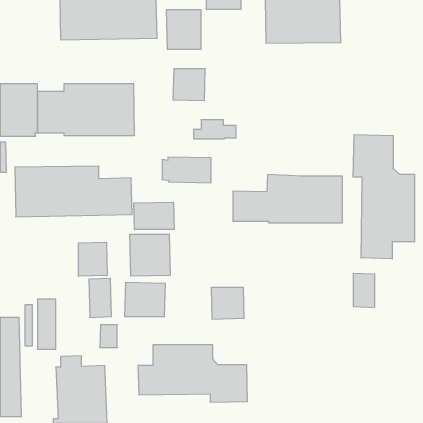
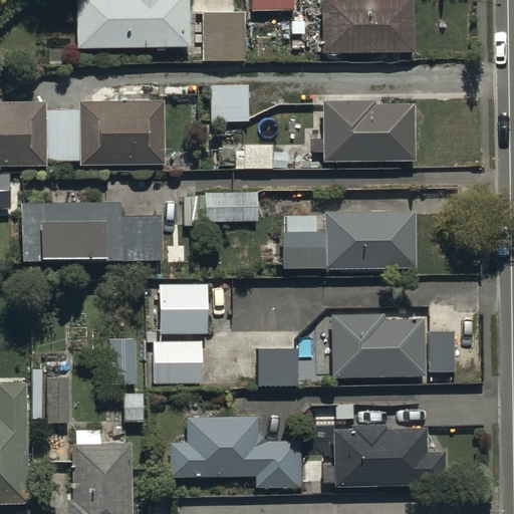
building: none -> [322,99,417,161]
building: [353,135,414,259] -> none
building: [134,202,174,230] -> none
building: [79,242,107,276] -> none
building: none -> [332,313,425,376]
building: none -> [332,425,445,484]

